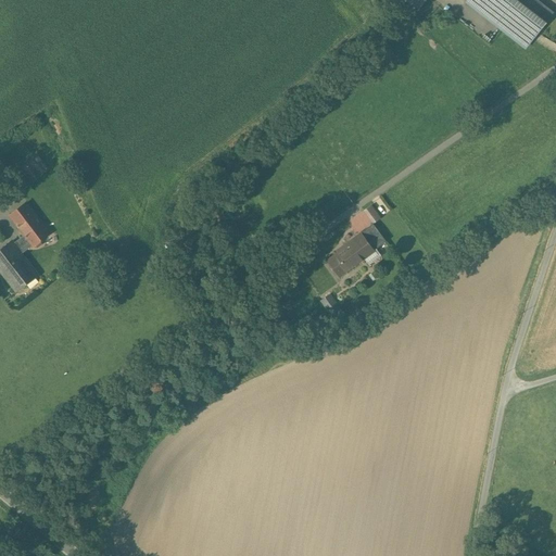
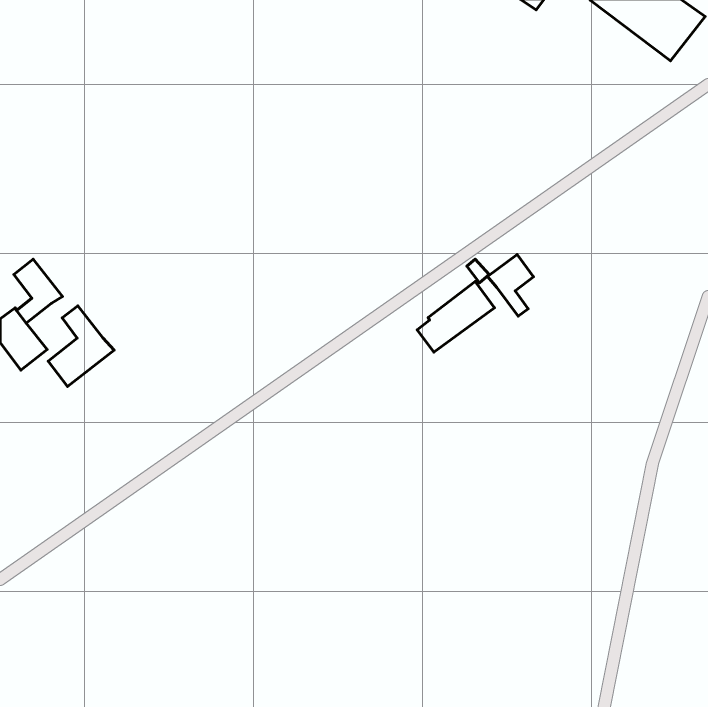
building: none -> [487,254,534,316]
building: none -> [48,306,114,386]

